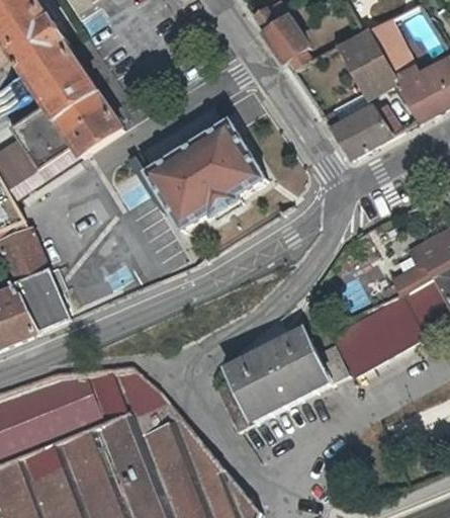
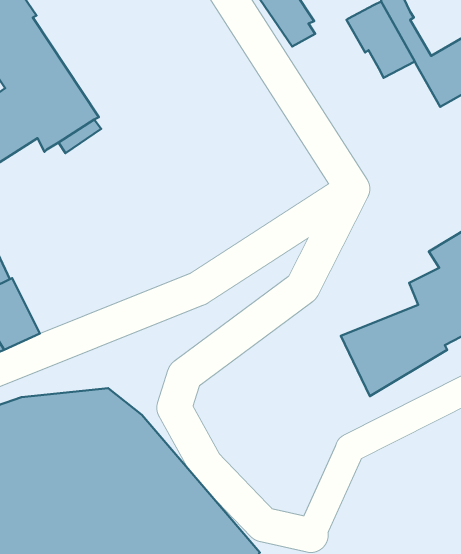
building: [324,90,394,158] -> none
building: [147,122,267,233] -> none
building: [217,328,355,431] -> none

